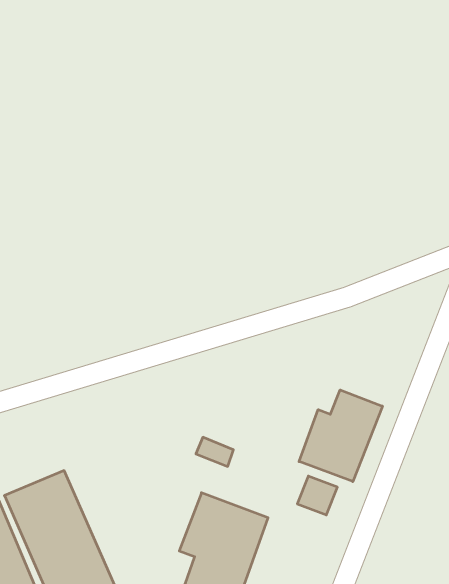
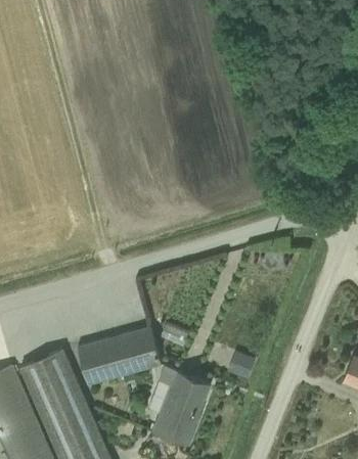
building: [299,390,382,482] -> none
building: none -> [76,325,162,385]

